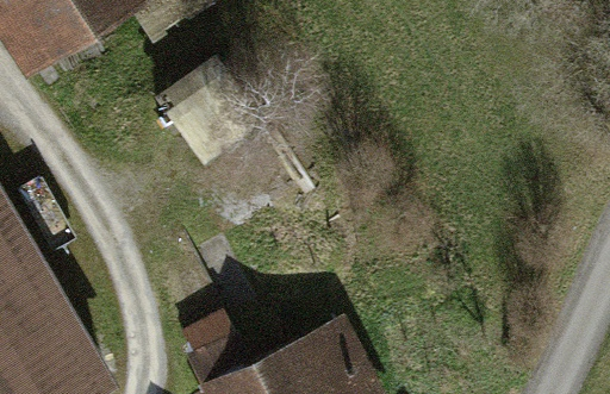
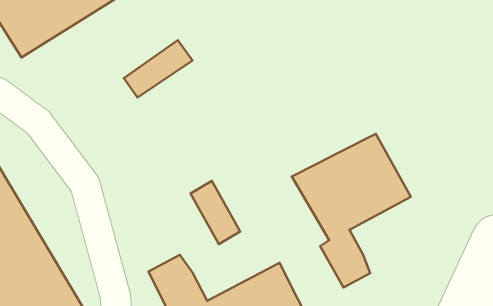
building: none -> [292,134,411,287]

